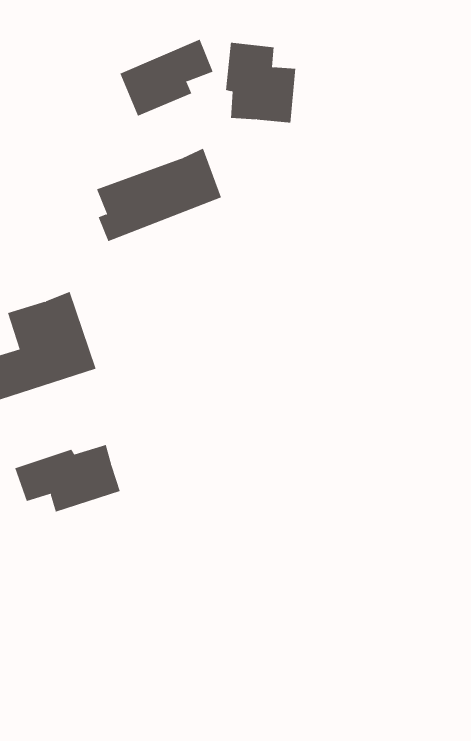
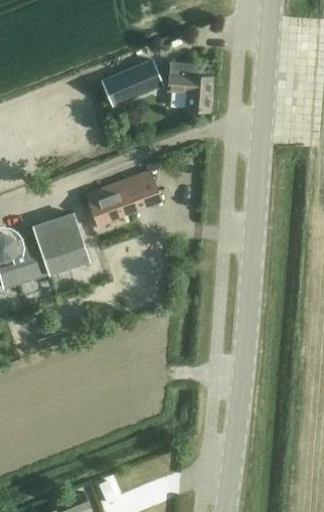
building: [96,148,222,242] -> [86,170,162,227]
building: [14,444,121,512] -> none

